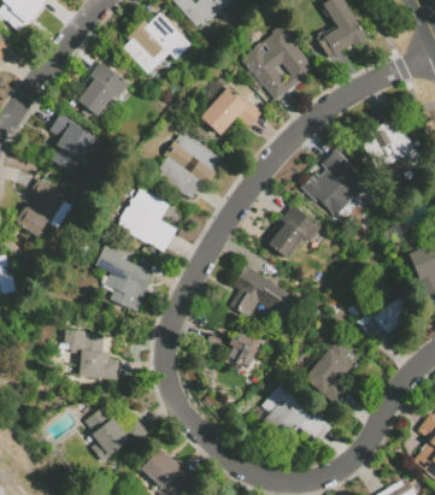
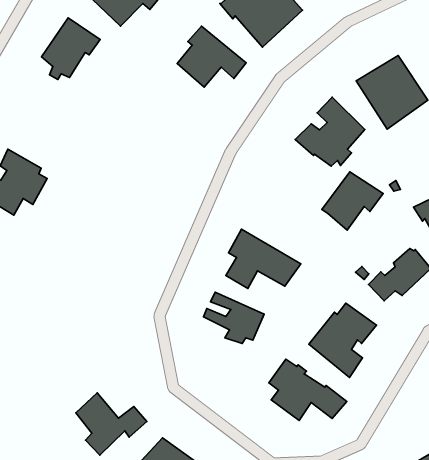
building: [51,112,95,172] -> none
building: [155,131,222,200] -> none
building: [118,189,177,253] -> none
building: [265,206,322,259] -> [322,172,383,230]
building: [95,246,153,311] -> none
building: [64,330,119,379] -> none

